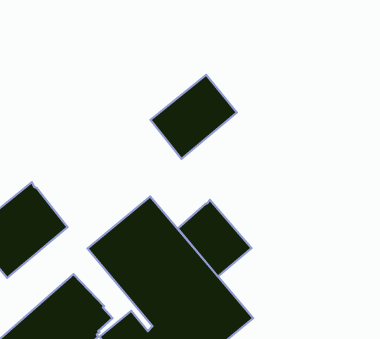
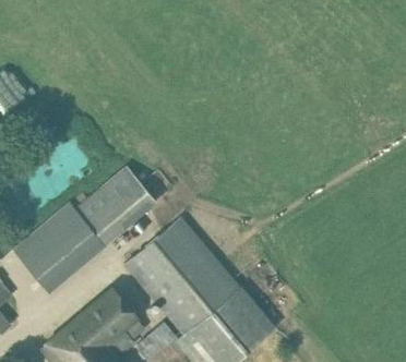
building: [151,75,237,159] -> [75,167,155,244]
building: [178,200,252,276] -> none

